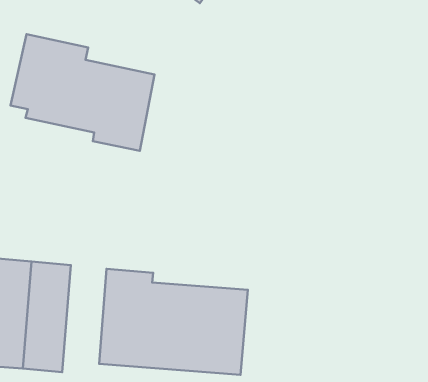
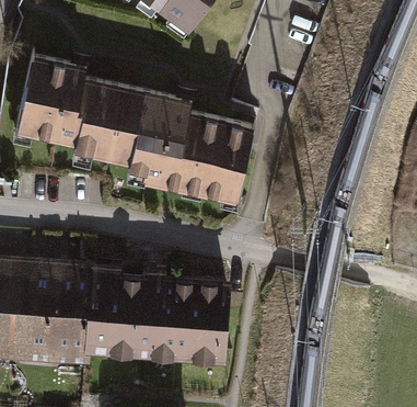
building: none -> [131,95,253,197]
building: none -> [62,265,102,363]

